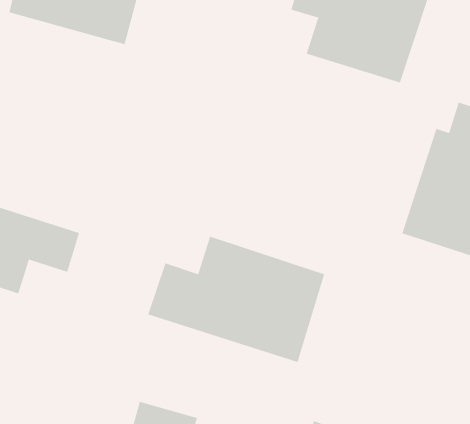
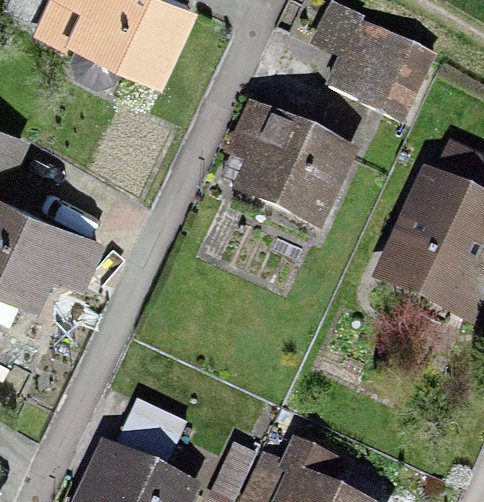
building: none -> [234,127,344,235]
building: [147,236,325,363] -> none

